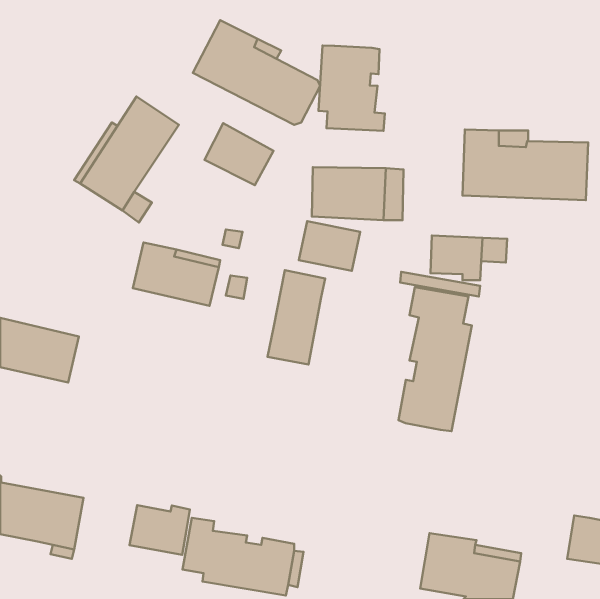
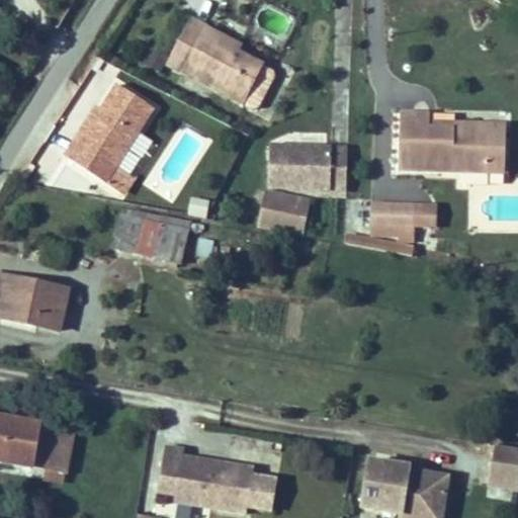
building: [318,46,385,131] -> none
building: [205,123,273,185] -> none
building: [267,270,325,365] -> none
building: [399,287,472,431] -> none
building: [129,505,190,555] -> none

